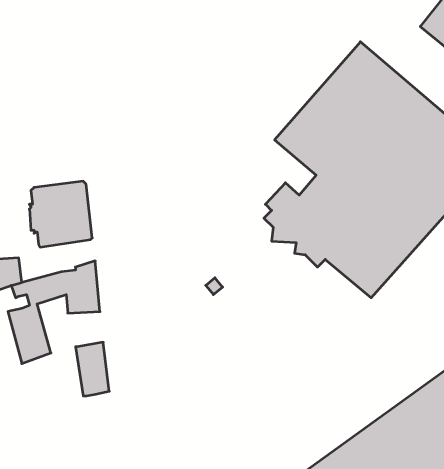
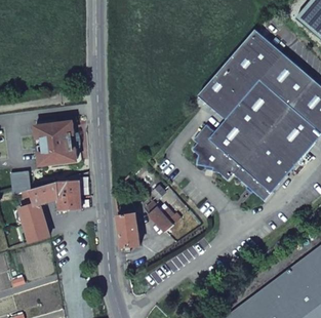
building: none -> [146,201,180,232]
building: [76,342,109,396] -> [117,212,139,248]

